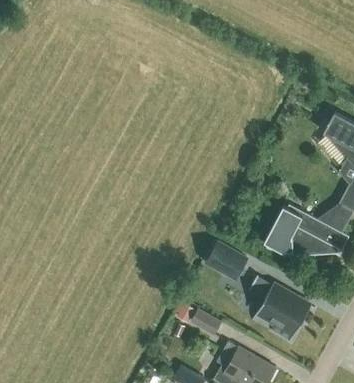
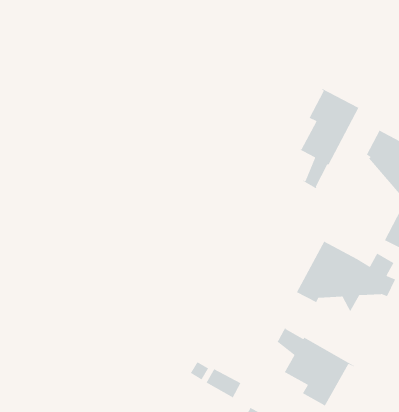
building: none -> [292,88,363,189]
building: [204,240,249,281] -> none

